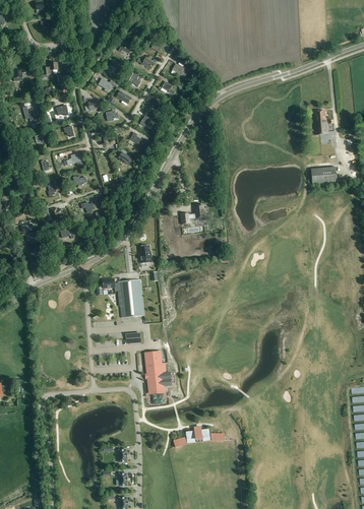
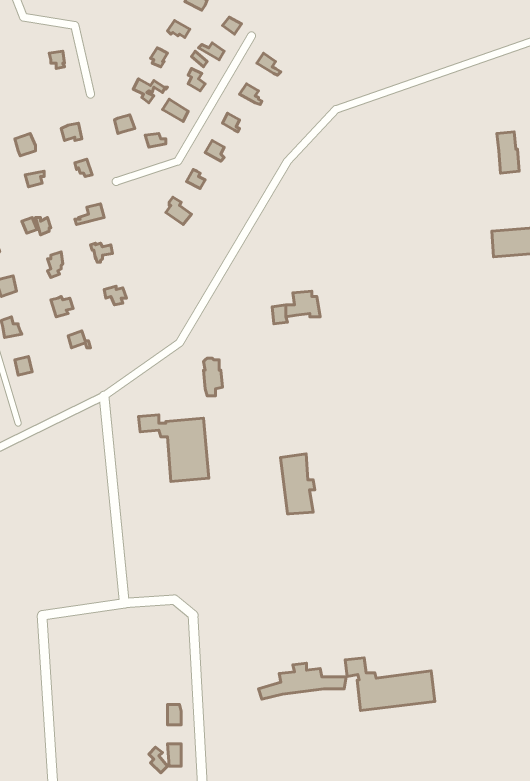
building: [144,351,165,386] -> [280,454,315,514]
building: none -> [345,658,435,711]

